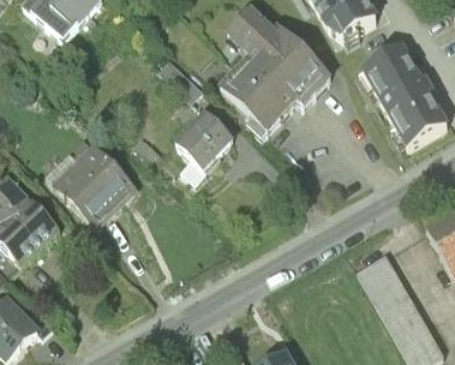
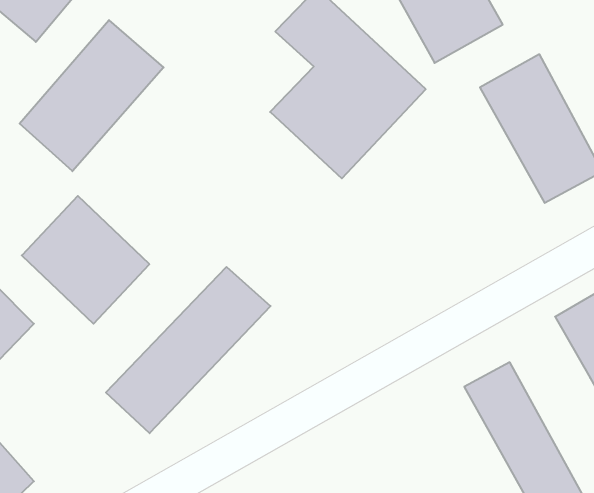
building: none -> [20,20,164,171]
building: [173,103,238,168] -> none
building: none -> [106,267,271,433]

